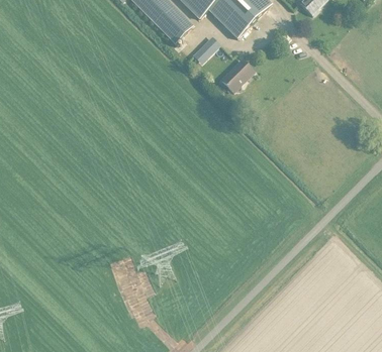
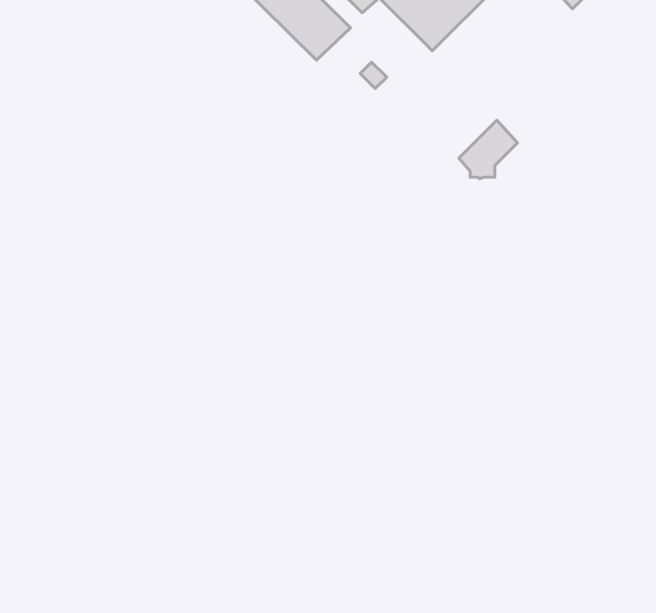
building: [221,58,253,90] -> [459,120,518,179]

